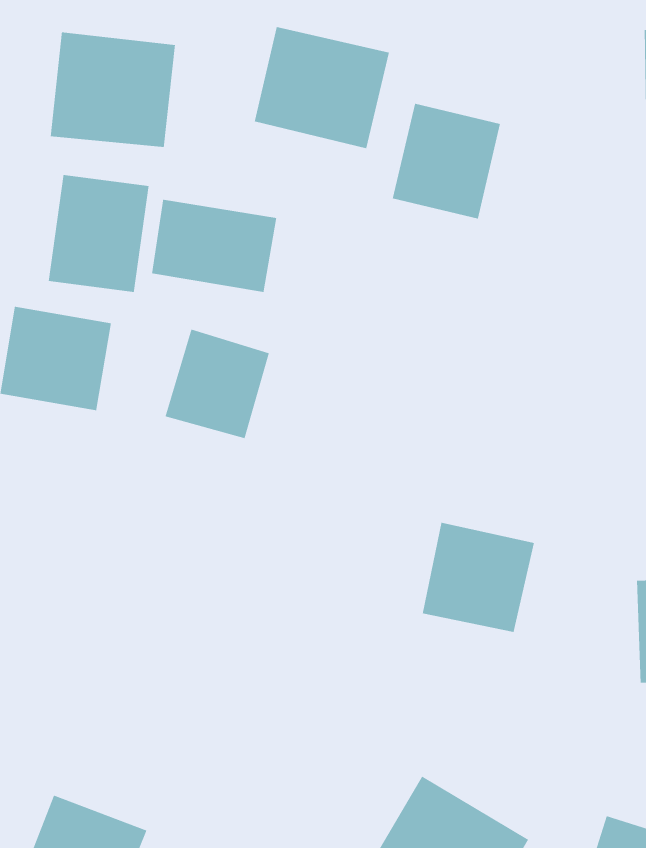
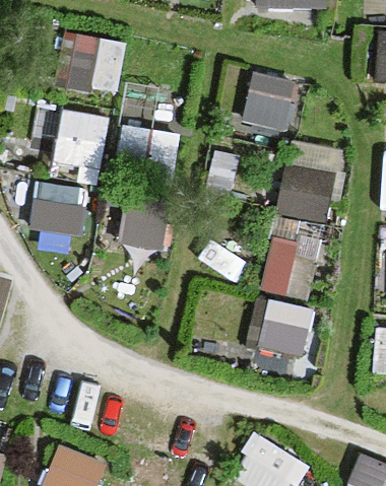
building: [254,26,390,149] -> none
building: none -> [256,141,344,301]

